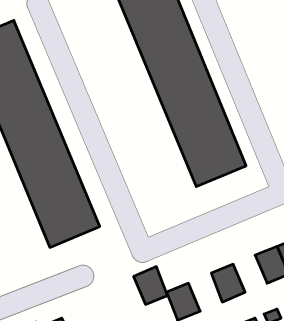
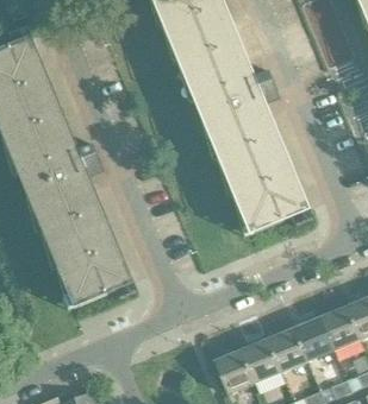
building: none -> [293,316,333,360]
building: [134,267,167,304] -> [239,337,280,383]

